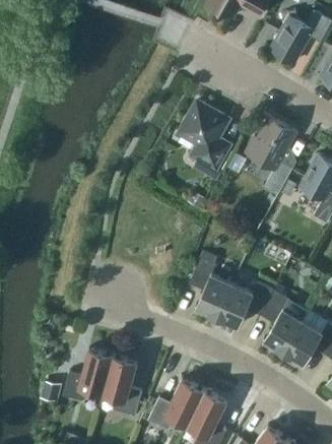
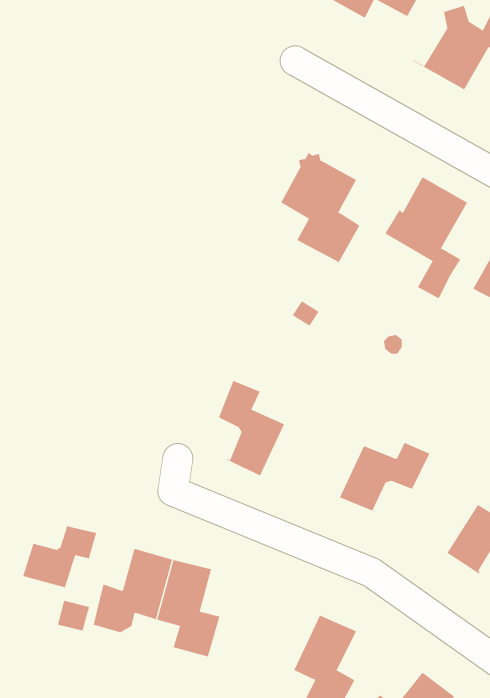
building: [190,257,231,317] -> [218,380,285,476]
building: [262,290,303,352] -> none
building: none -> [23,526,97,588]
building: [147,379,204,431] -> none

